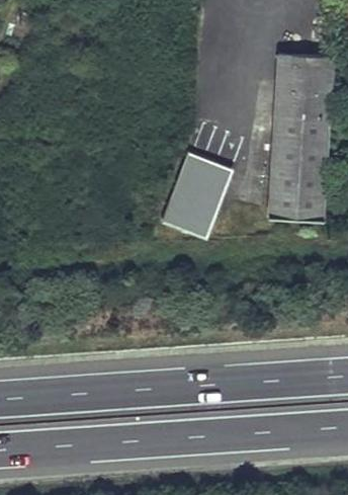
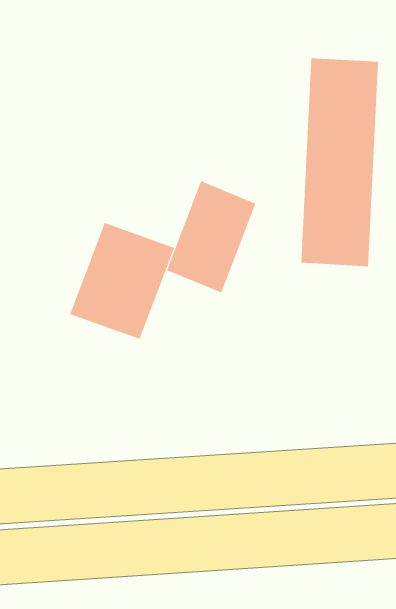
building: none -> [69,222,175,340]

